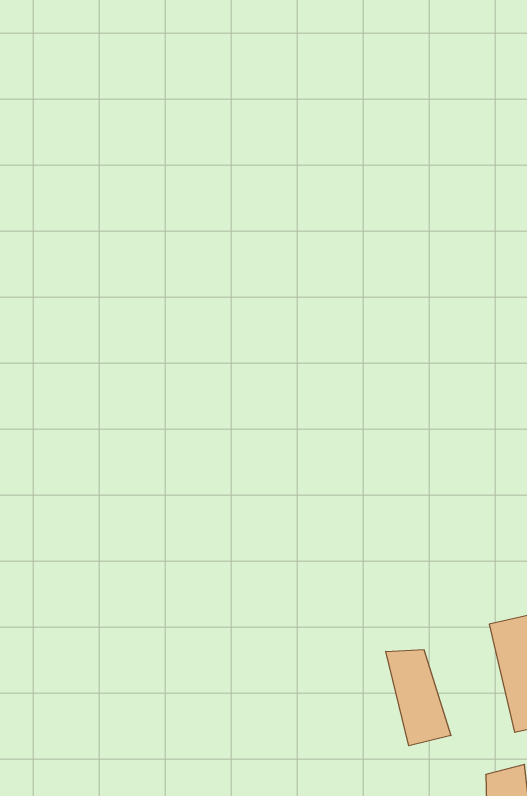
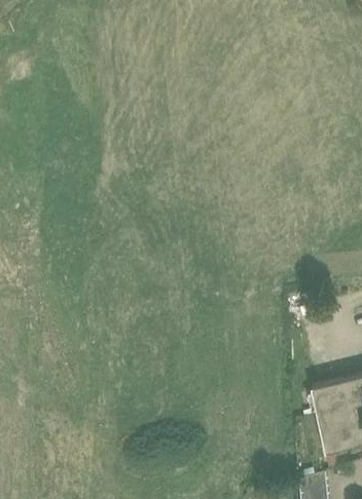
building: [386,650,451,746] -> none

